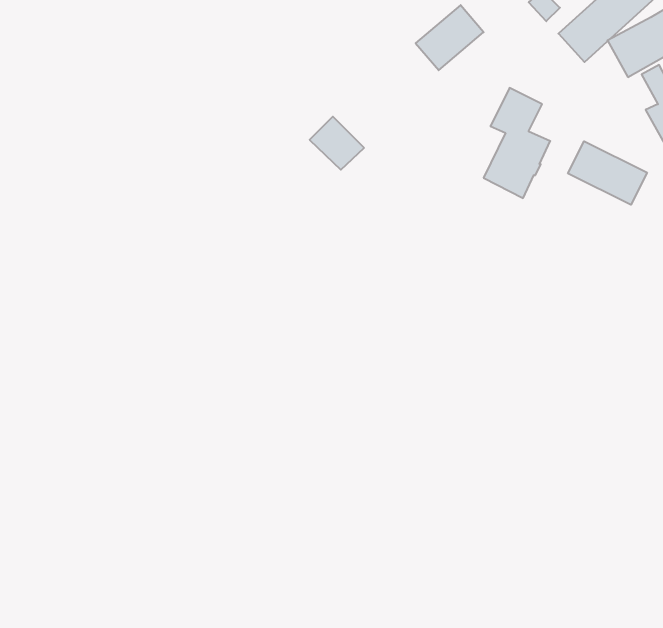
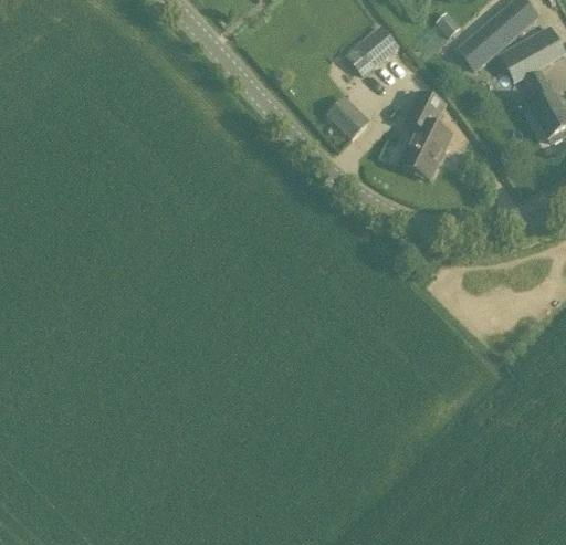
building: [310,117,364,170] -> [325,95,369,138]
building: [568,141,647,205] -> none

